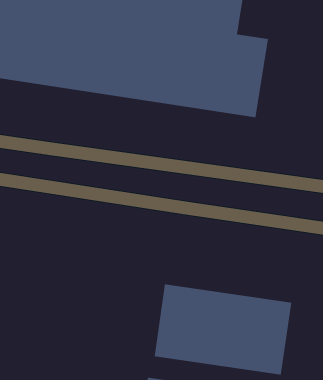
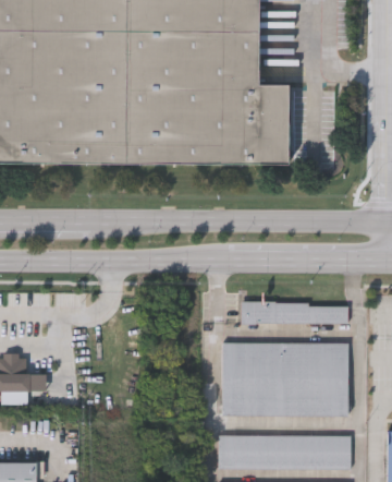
building: none -> [242,302,348,323]

